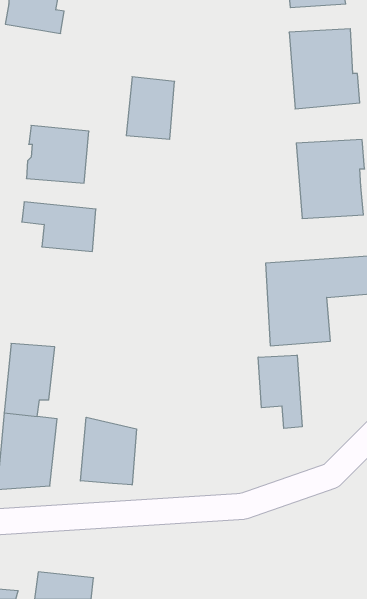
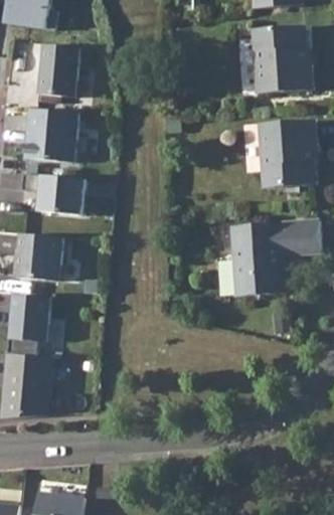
building: [126,77,175,139] -> [39,43,80,97]
building: none -> [13,233,60,281]
building: [258,355,302,428] -> none
building: [80,417,136,485] -> none

